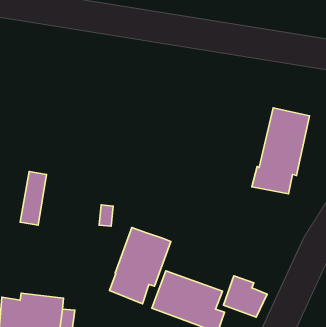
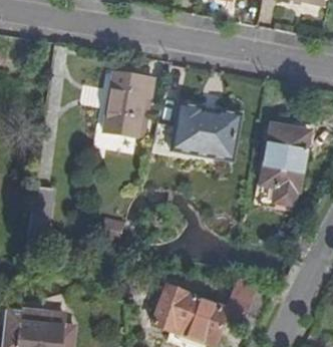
building: none -> [107,72,155,134]
building: none -> [149,102,242,162]
building: [110,227,171,304] -> none

